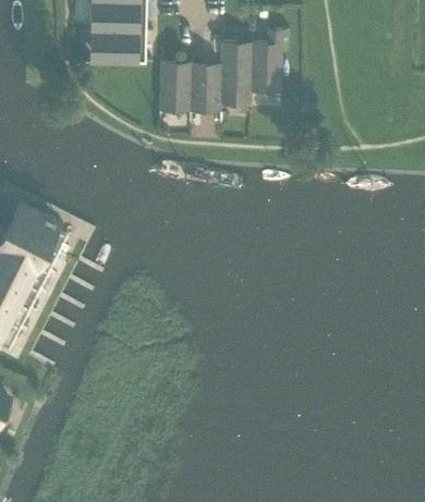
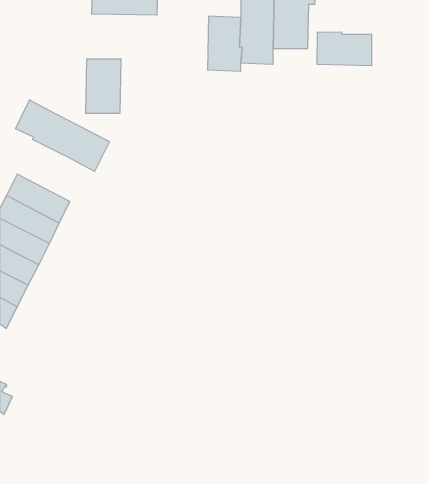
building: [158,63,191,112] -> [85,59,121,113]
building: none -> [317,32,372,66]
building: none -> [15,100,109,172]

